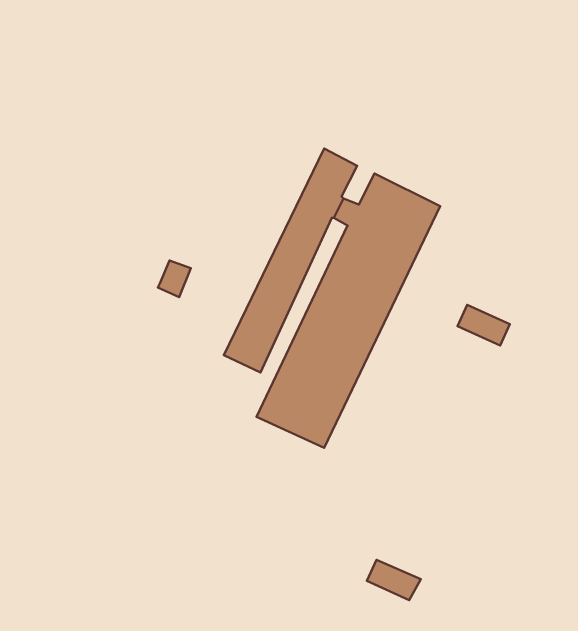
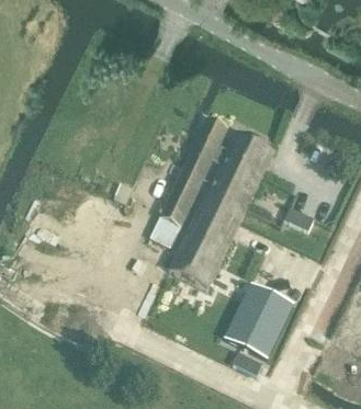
building: none -> [226,283,295,357]

